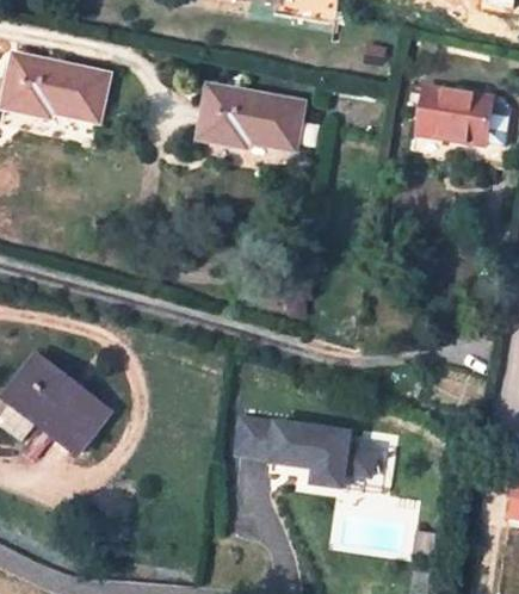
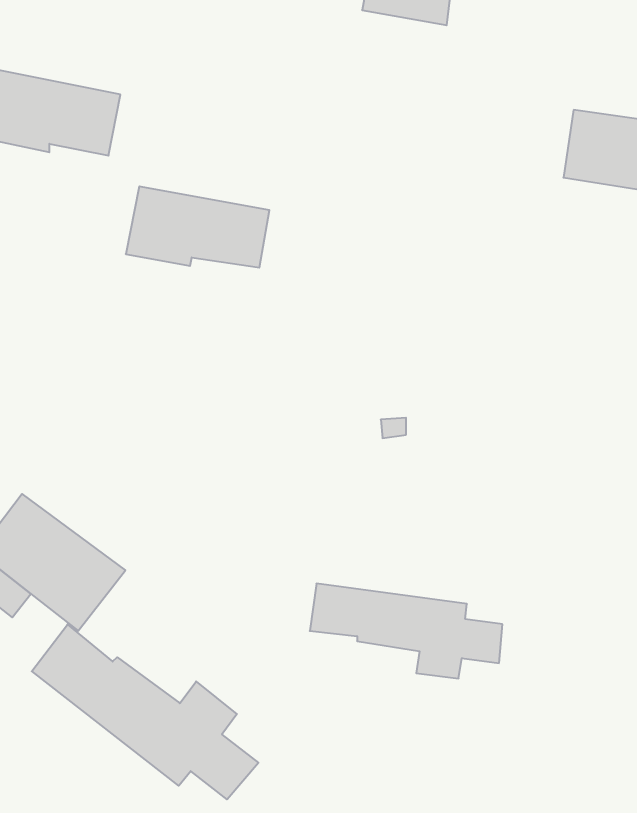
building: [198,86,299,143] -> [126,186,269,268]
building: none -> [32,624,258,799]

